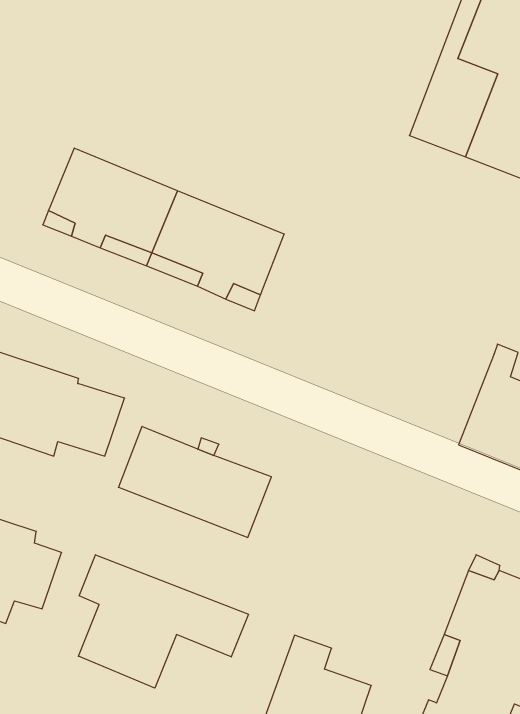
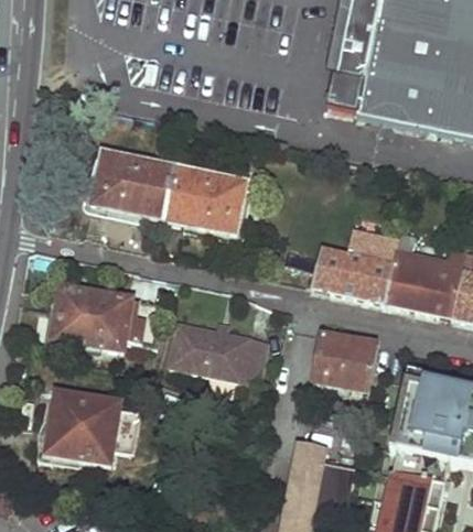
building: none -> [311,229,398,301]
building: none -> [312,334,377,392]
building: [78,555,249,688] -> none

